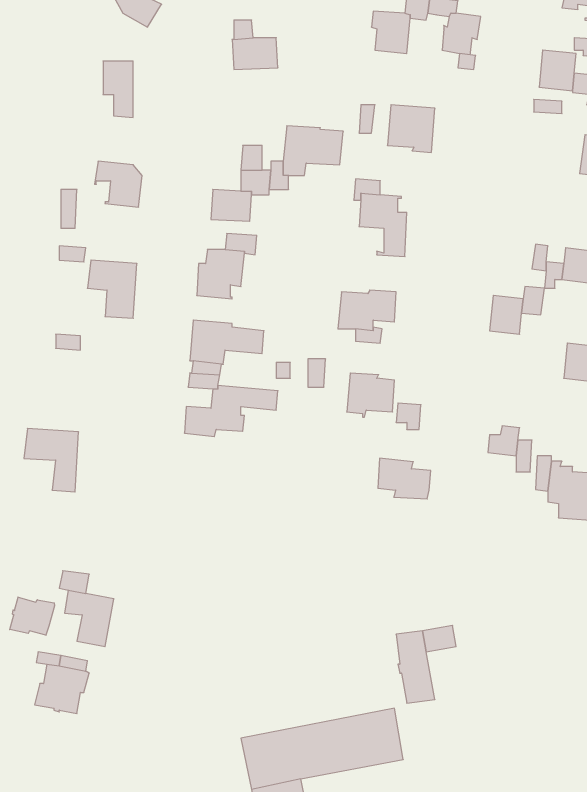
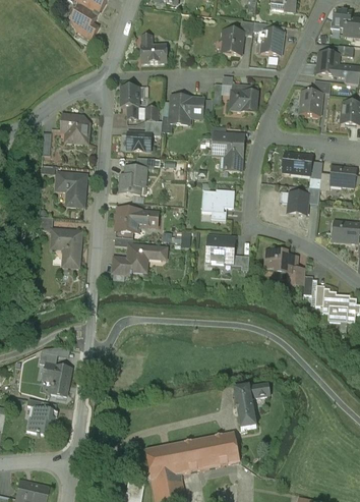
building: [103,61,133,117] -> [120,86,137,118]
building: none -> [298,89,321,115]
building: none -> [282,151,311,173]
building: [24,428,79,492] -> [49,229,80,266]
building: [378,458,431,499] -> [265,249,296,273]
building: [10,597,54,635] -> none

